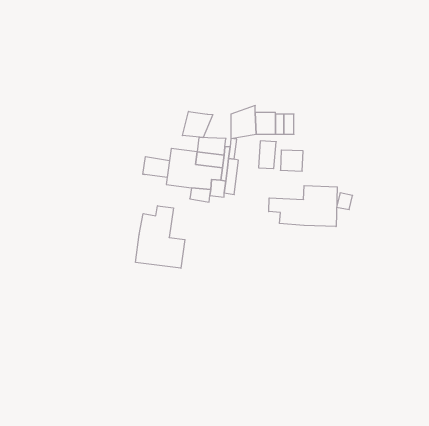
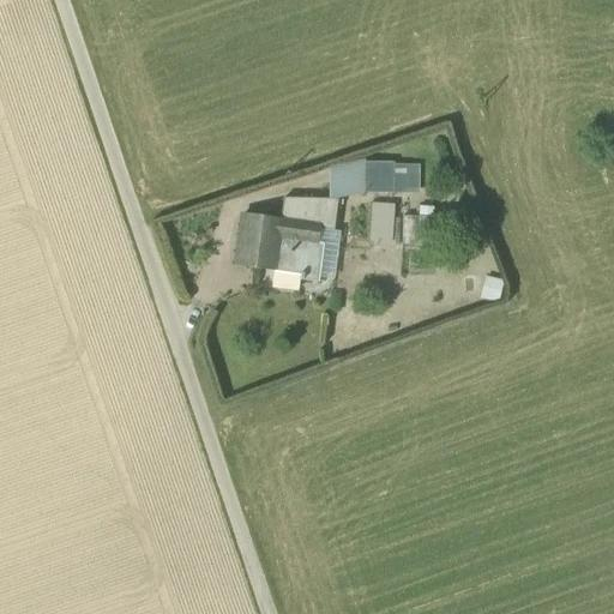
building: [182,111,213,138] -> none
building: [143,157,169,178] -> none
building: [269,186,337,227] -> none
building: [136,206,185,268] -> none

